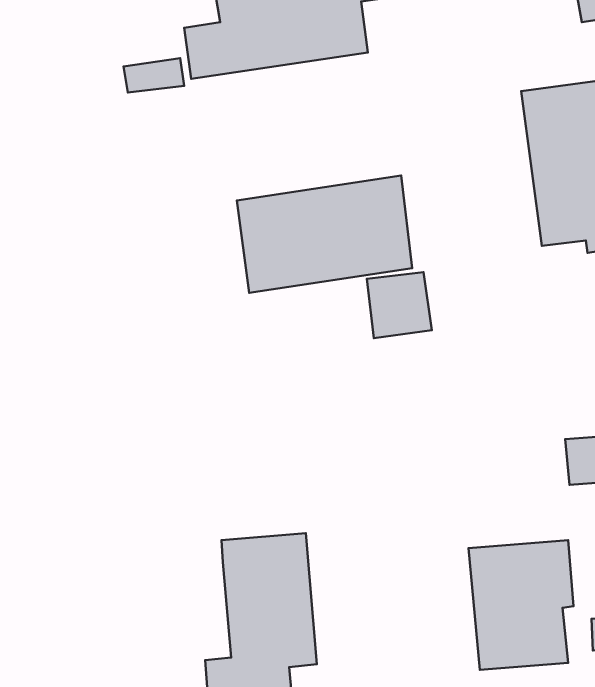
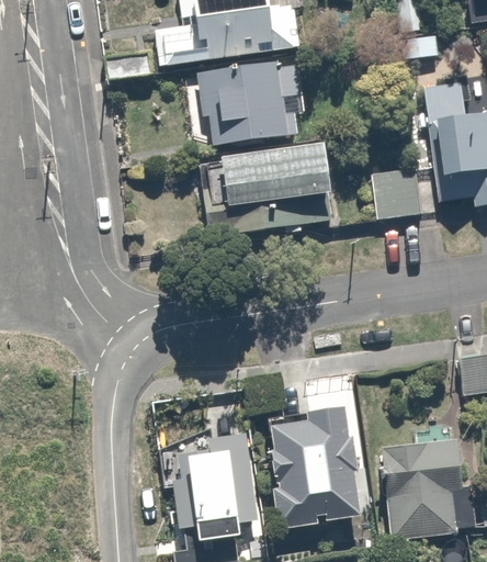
building: none -> [197,58,306,146]
building: [367,272,432,338] -> [371,167,422,220]
building: none -> [263,398,361,526]

